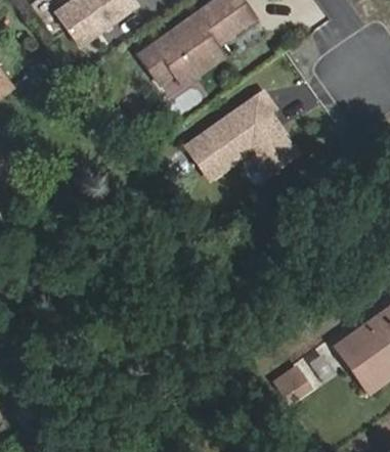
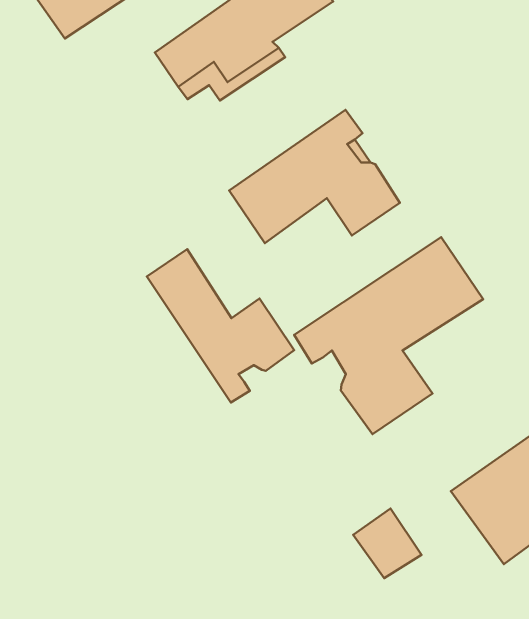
building: none -> [294,237,483,434]
building: none -> [147,249,294,402]

